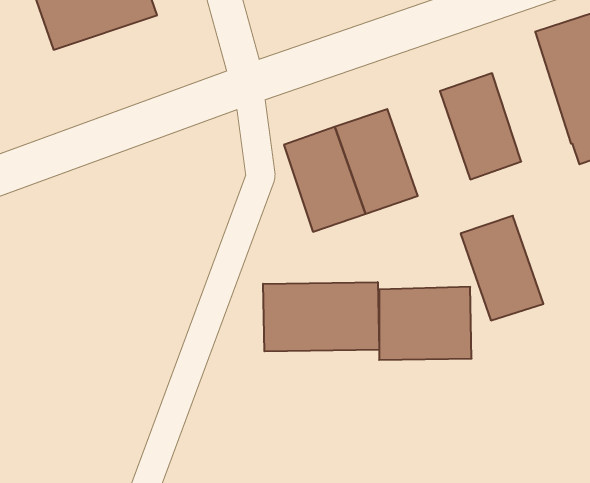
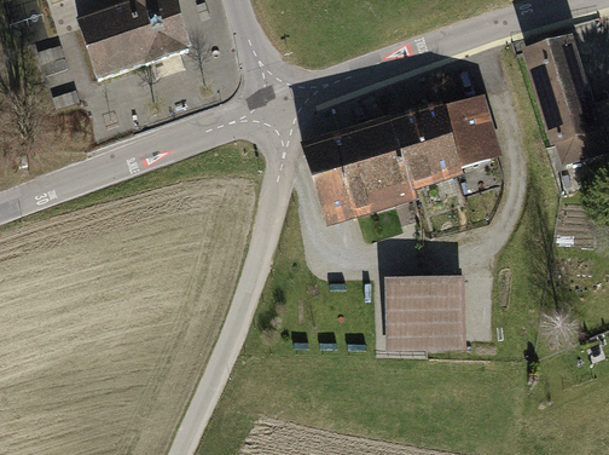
building: [461,216,543,320] -> [390,105,463,197]
building: [263,282,379,351] -> none

